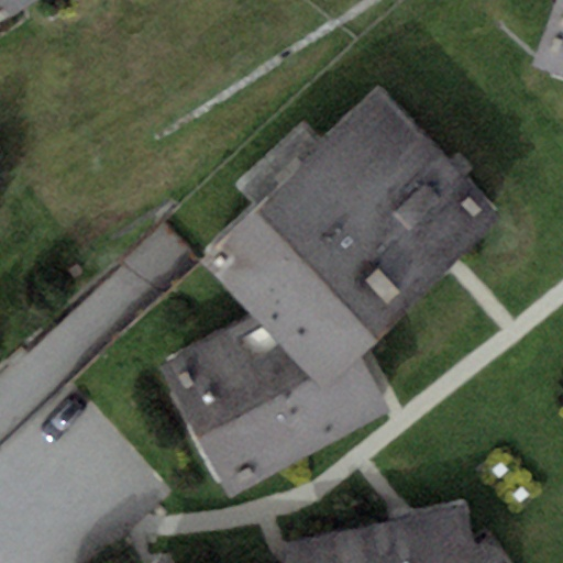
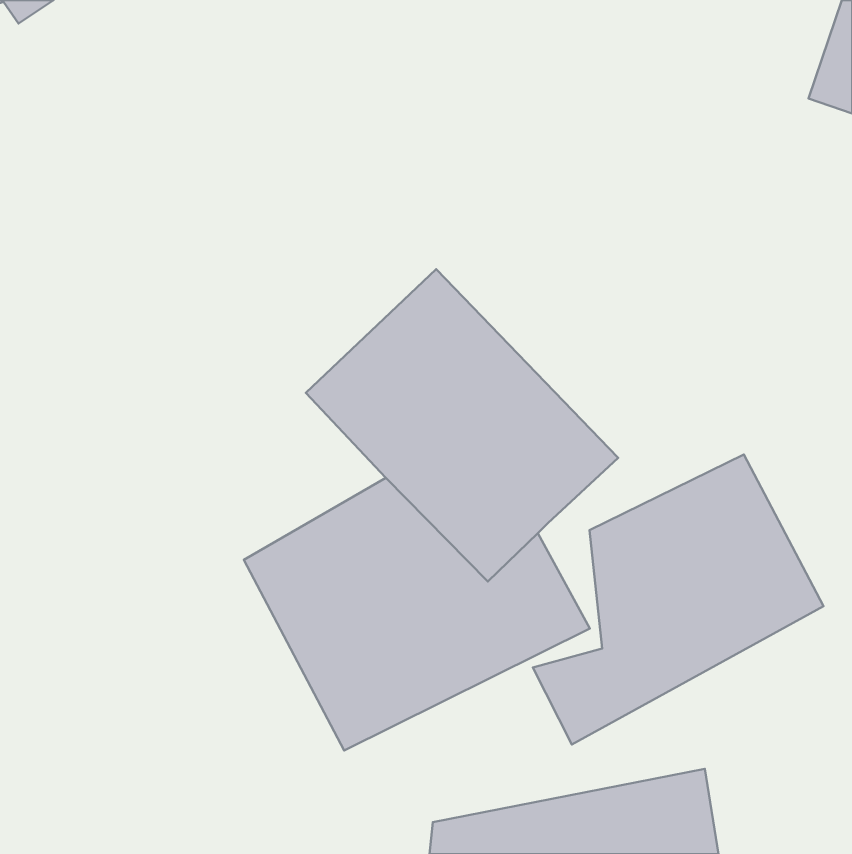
building: [287,91,496,301] -> none
building: none -> [533,455,824,745]

